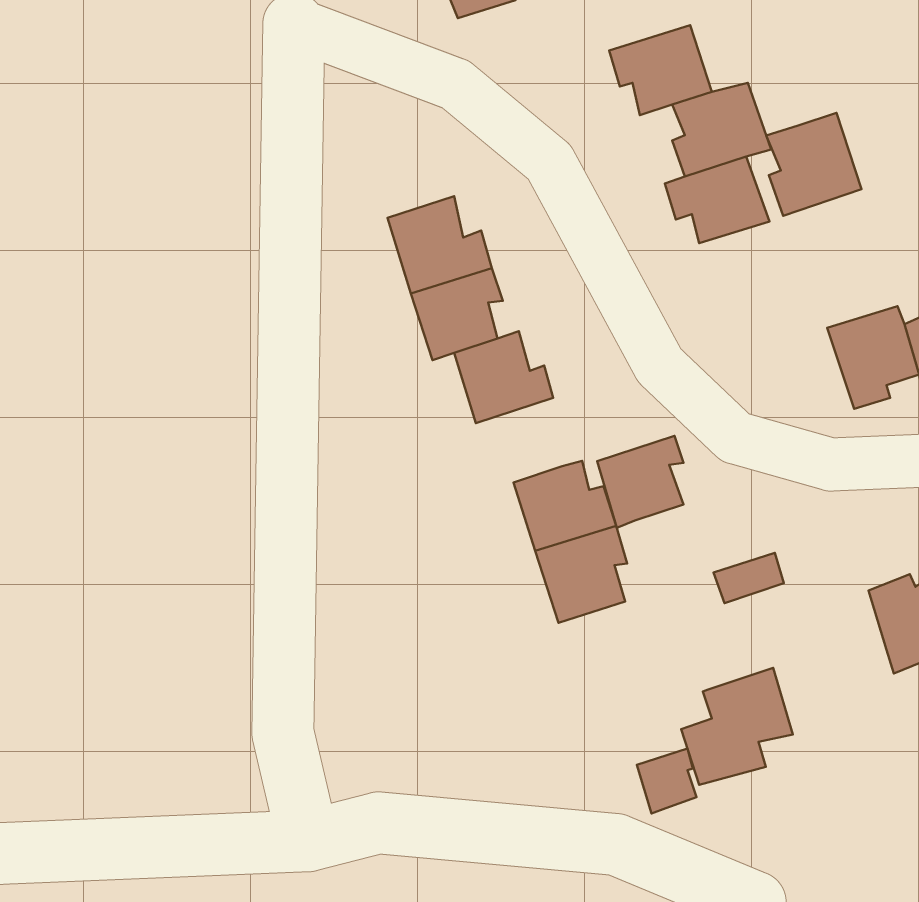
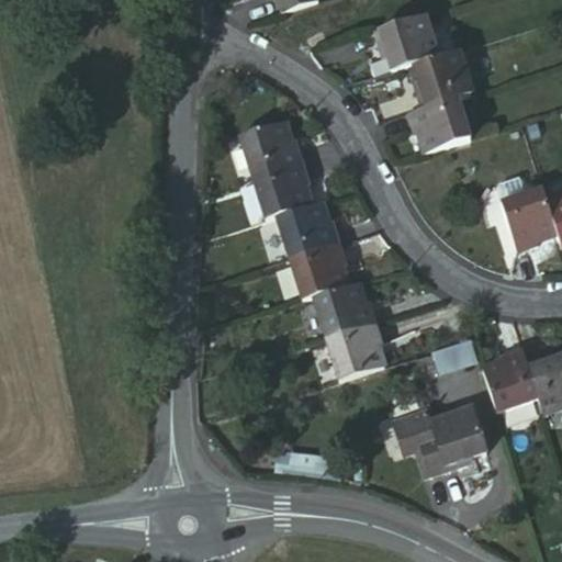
building: [766,113,861,216] -> none
building: [597,436,684,528] -> [291,243,344,299]
building: none -> [483,345,541,411]
building: [637,749,696,813] -> [398,408,435,448]

